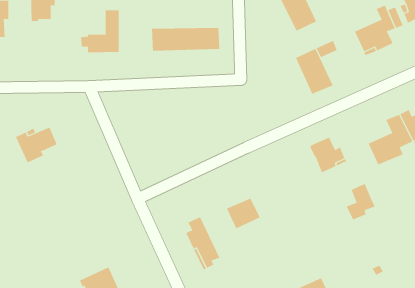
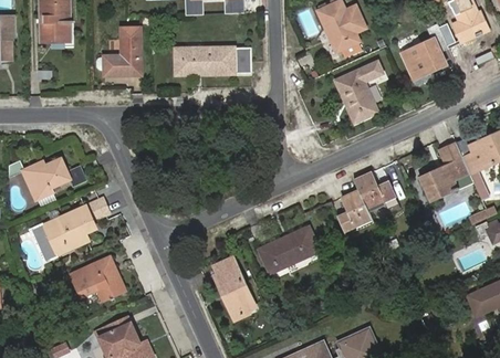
building: none -> [30,198,106,261]
building: [346,183,375,220] -> [336,190,369,232]
building: none -> [287,229,319,260]
building: none -> [70,255,124,299]

